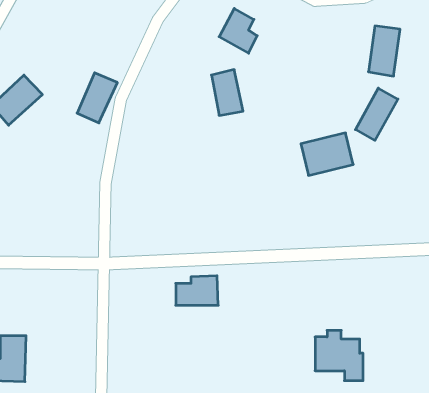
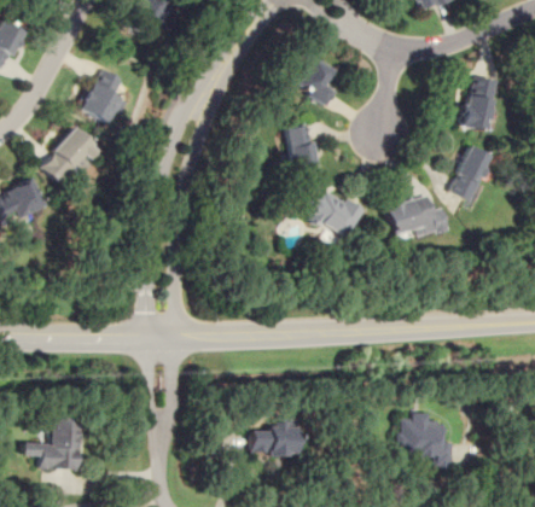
building: [77,73,117,123] -> [82,68,127,123]
building: none -> [302,183,366,239]
building: [176,276,218,305] -> [255,421,302,454]

